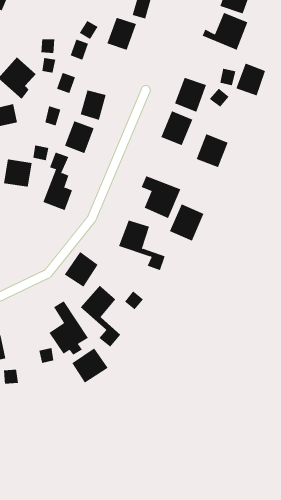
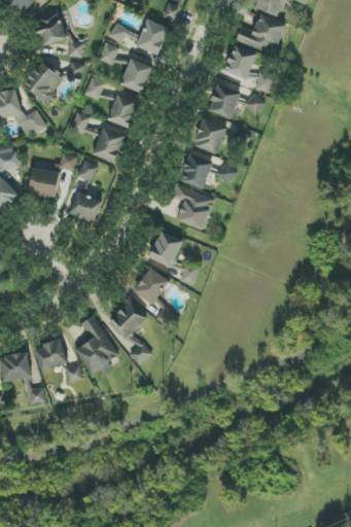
building: none -> [34,10,67,44]
building: none -> [120,58,152,93]
building: [235,63,266,96] -> [224,43,256,78]
building: [196,133,228,168] -> [179,152,213,188]
building: [169,203,204,241] -> none
building: [64,251,98,287] -> [134,266,170,304]
building: none -> [34,338,69,370]
building: [71,348,108,384] -> none

